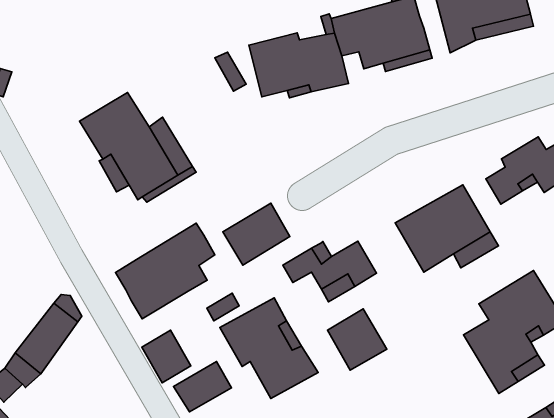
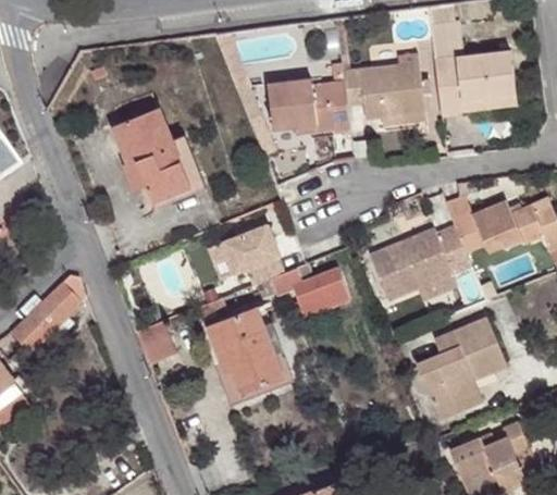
building: [115,223,215,319] -> none
building: [327,309,387,370] -> none
building: [174,362,232,412] -> none

